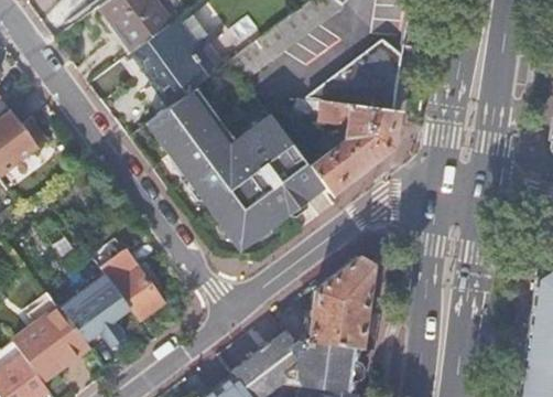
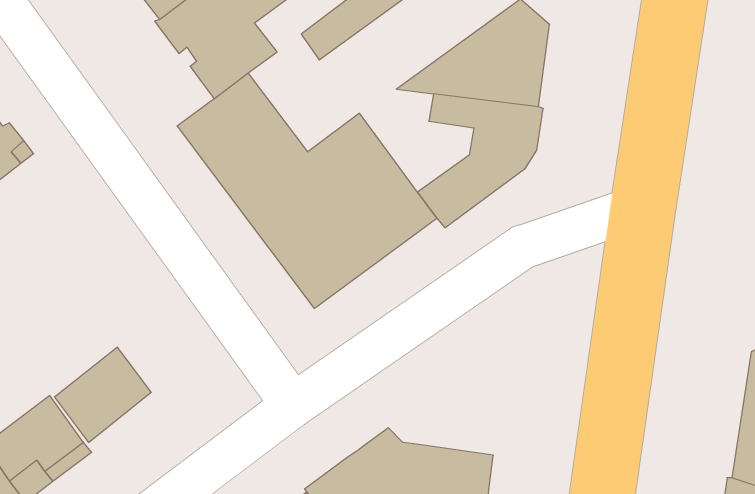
building: [100,249,163,319] -> none
building: [308,259,373,348] -> none

